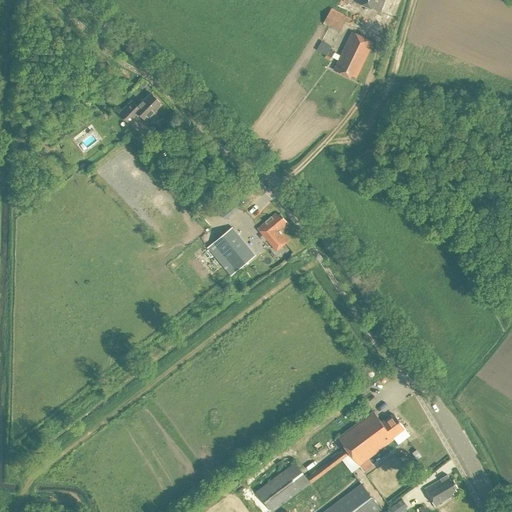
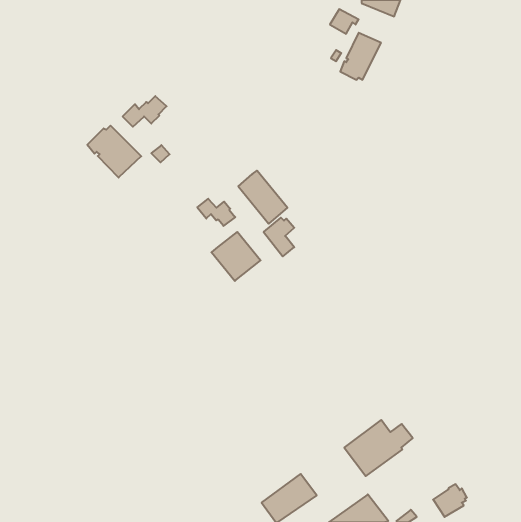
building: none -> [87,126,141,178]
building: none -> [238,171,287,224]
building: none -> [197,199,235,226]

